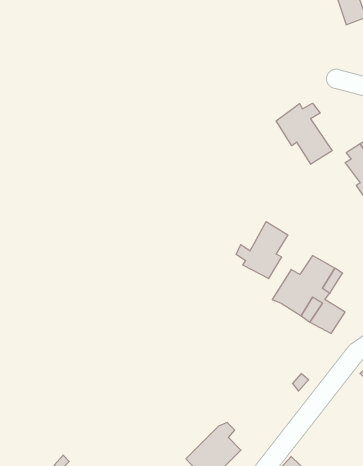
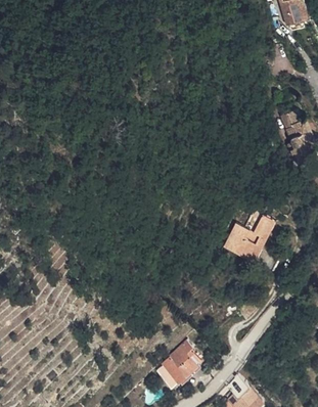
building: [276,103,332,164] -> none
building: [236,222,288,279] -> none

